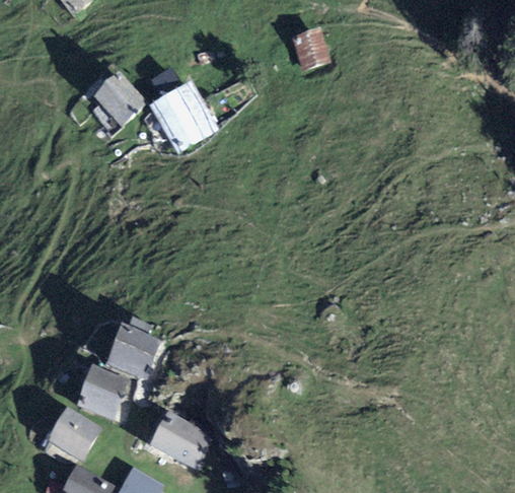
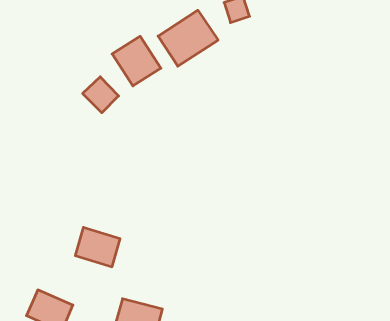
building: none -> [158,10,218,66]
building: [95,76,141,122] -> [83,77,119,113]
building: [76,366,135,417] -> none

